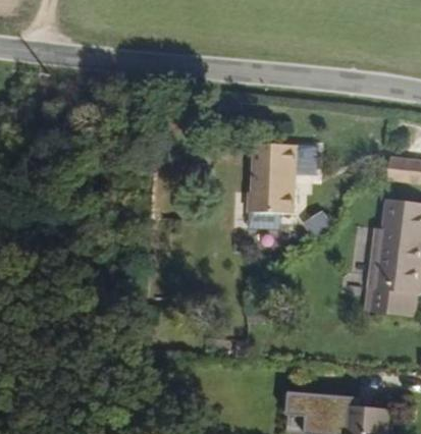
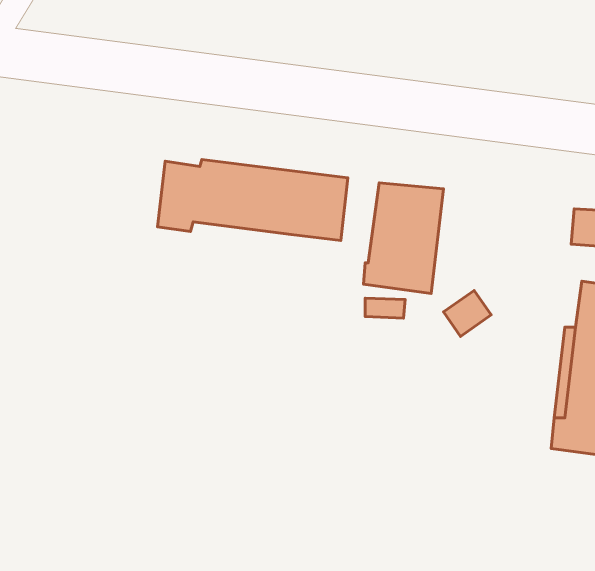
building: none -> [157,160,348,240]

